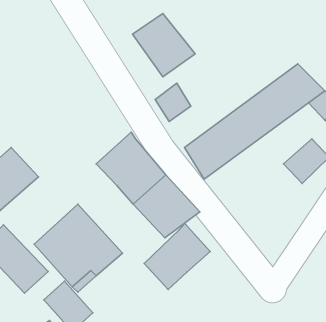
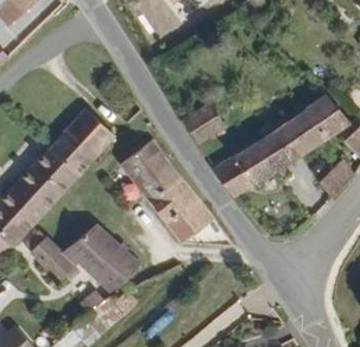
building: [133,14,195,77] -> none
building: none -> [44,122,113,188]
building: [144,224,210,290] -> none

